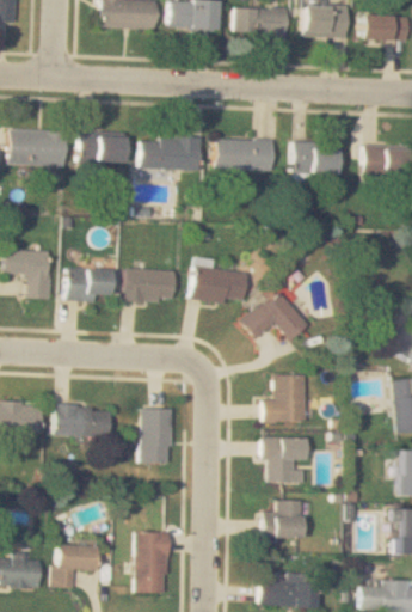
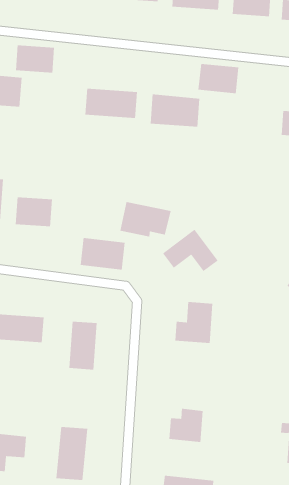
building: [75,130,119,160] -> [15,45,55,73]
building: [289,142,336,175] -> [197,63,239,94]
building: [121,268,172,302] -> [80,237,126,270]
building: [258,437,301,484] -> none

